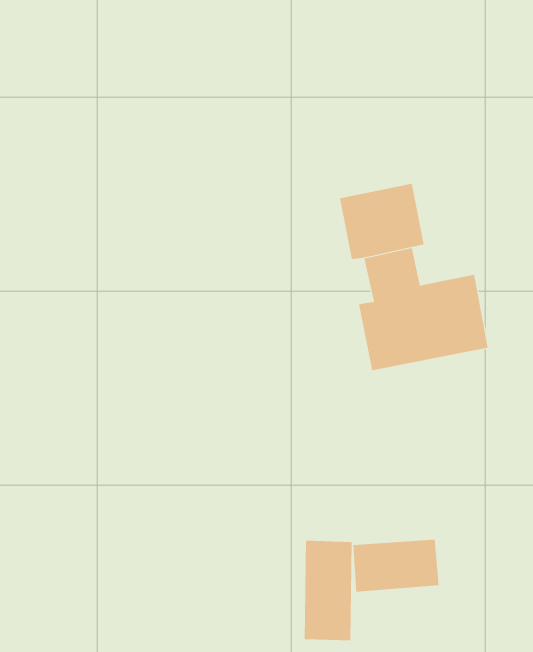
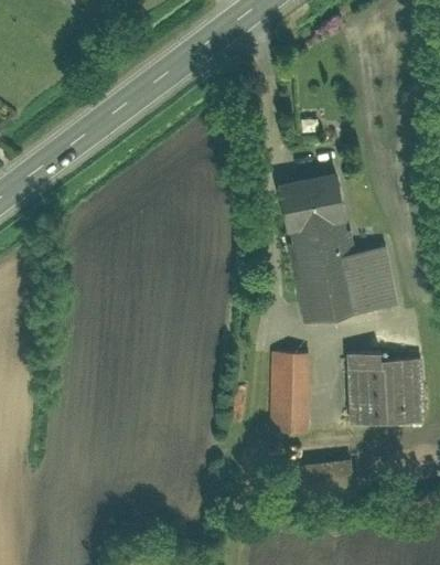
building: none -> [347,353,427,424]
building: [304,540,353,641] -> [270,353,310,435]

